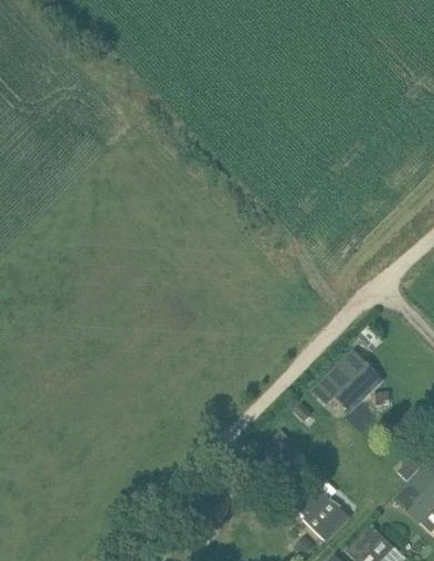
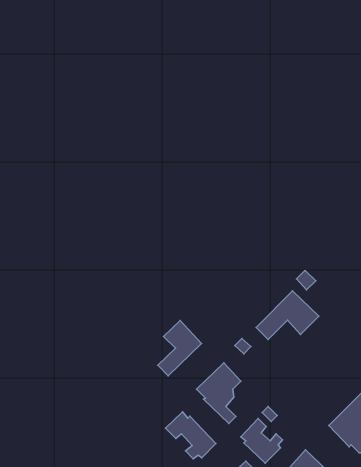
building: none -> [158,320,202,376]
building: none -> [166,412,216,459]

